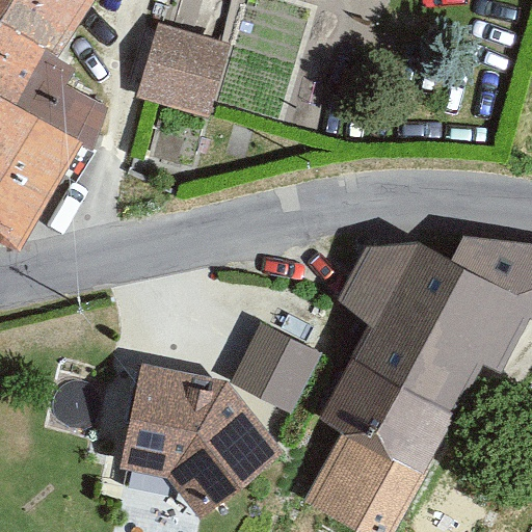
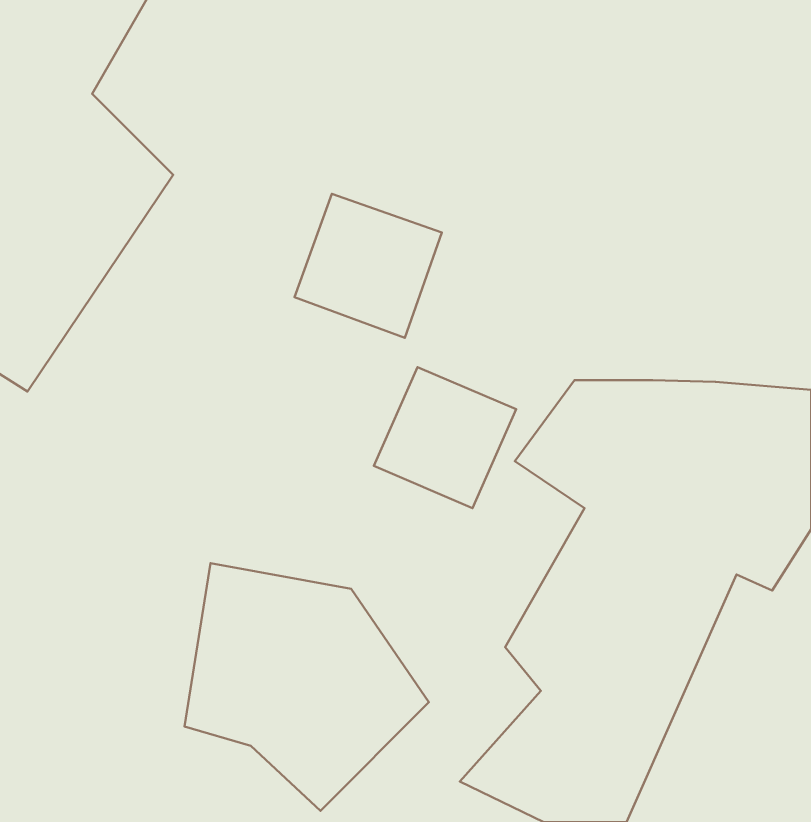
building: [134,23,229,115] -> [295,194,442,338]
building: [224,313,316,403] -> [374,367,516,508]

